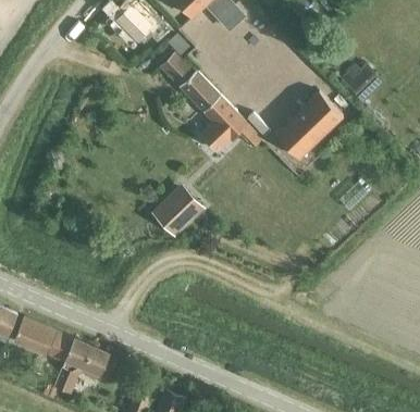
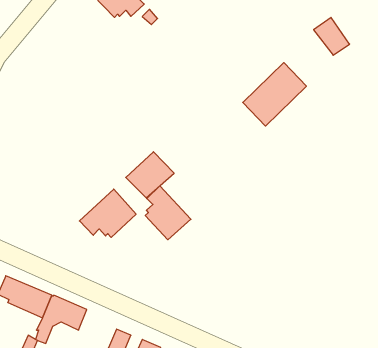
building: [159,53,260,152] -> none
building: none -> [145,186,191,240]
building: none -> [79,189,136,237]

